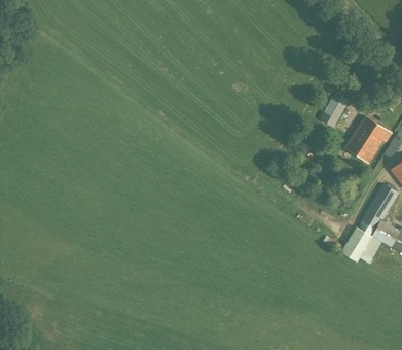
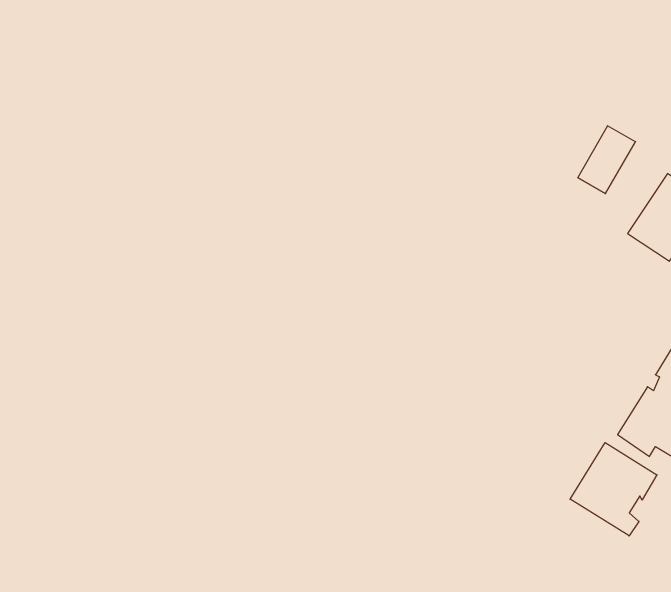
building: none -> [570,443,657,536]

